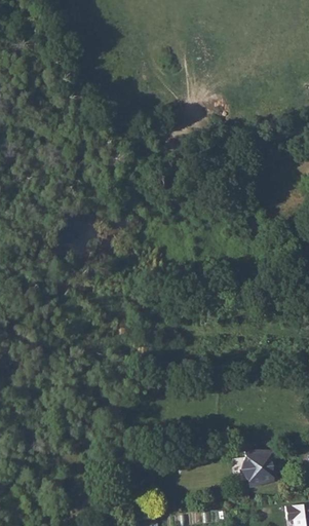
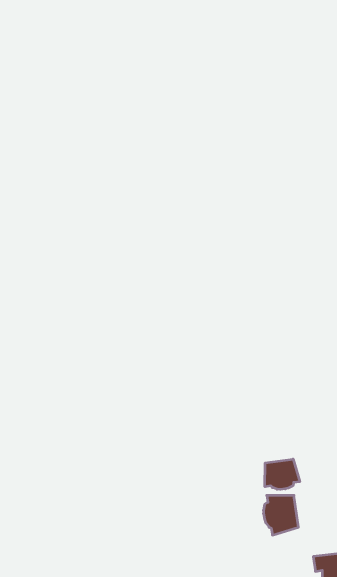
building: none -> [265,459,300,489]

